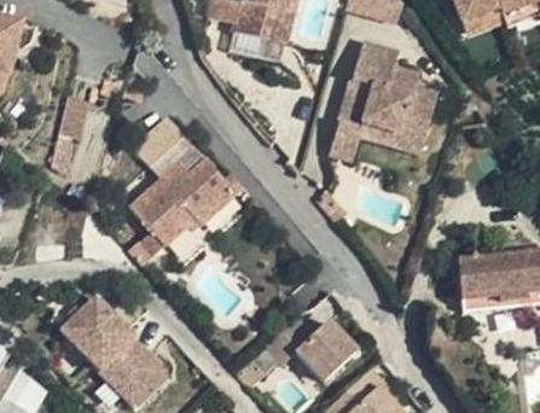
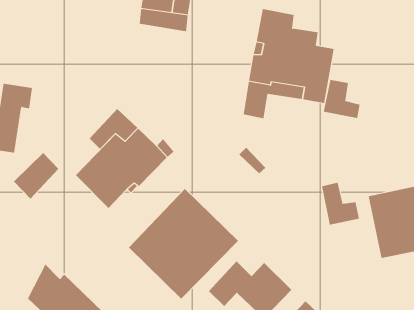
building: [139,114,191,164] -> [13,152,59,199]
building: none -> [323,79,360,119]
building: none -> [128,188,239,299]
building: none -> [322,182,360,225]

